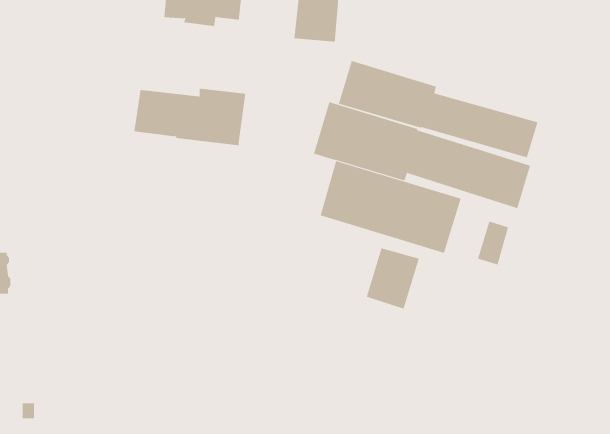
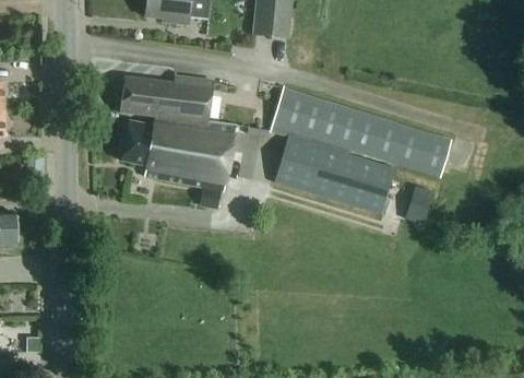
building: [338,60,538,158] -> none
building: none -> [122,117,238,191]
building: [366,247,419,309] -> none

